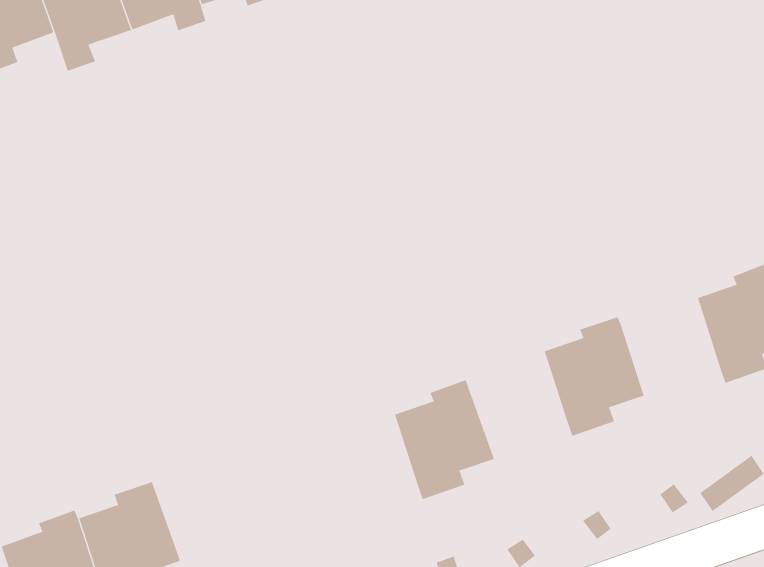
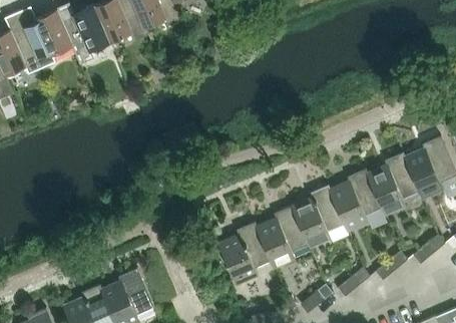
building: none -> [367,153,418,216]
building: none -> [291,186,343,249]
building: none -> [217,223,270,285]

